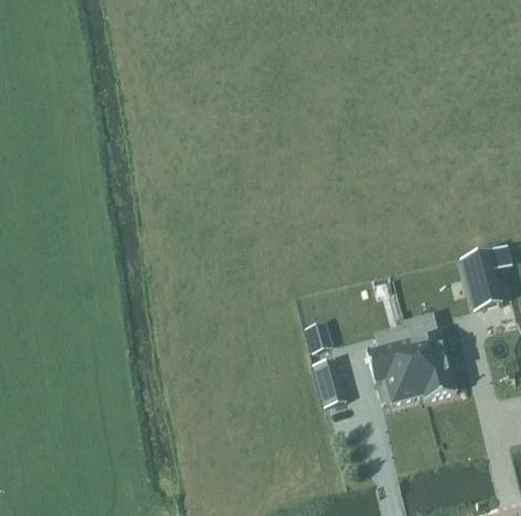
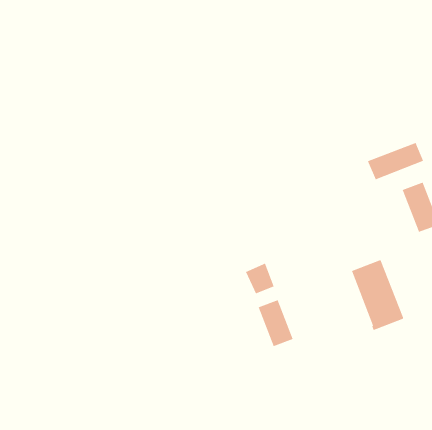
building: none -> [367,142,424,180]
building: [365,337,423,402] -> none

